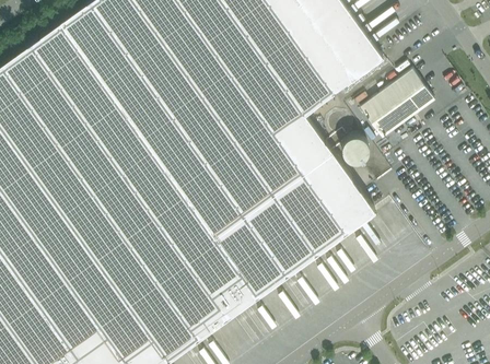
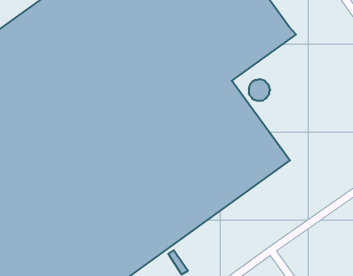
building: [359,71,435,141] -> none

